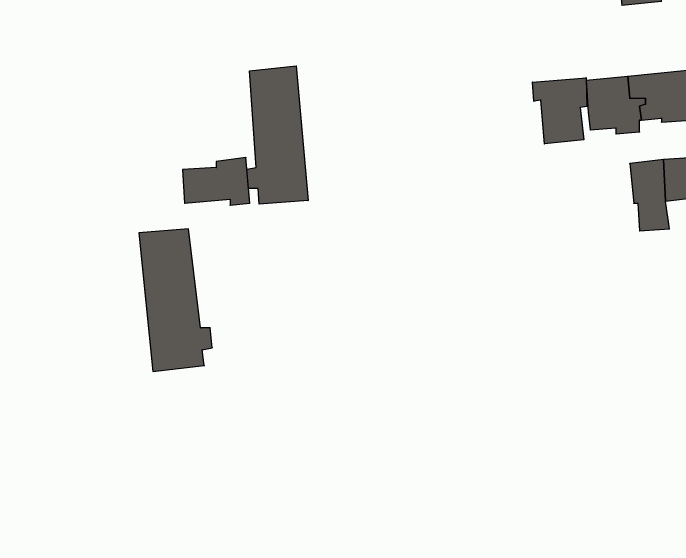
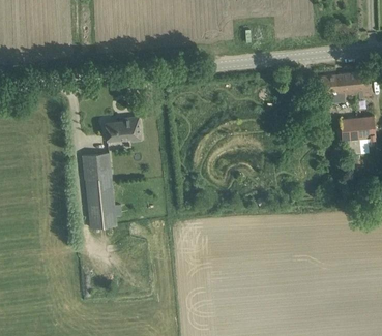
building: [247,66,308,204] -> none
building: [533,78,587,144] -> none

